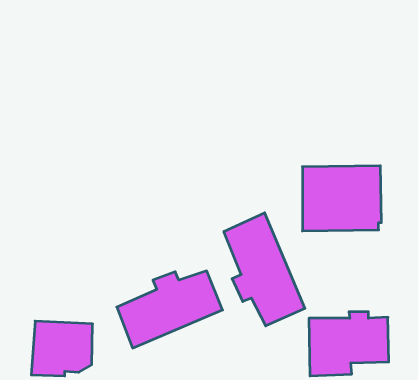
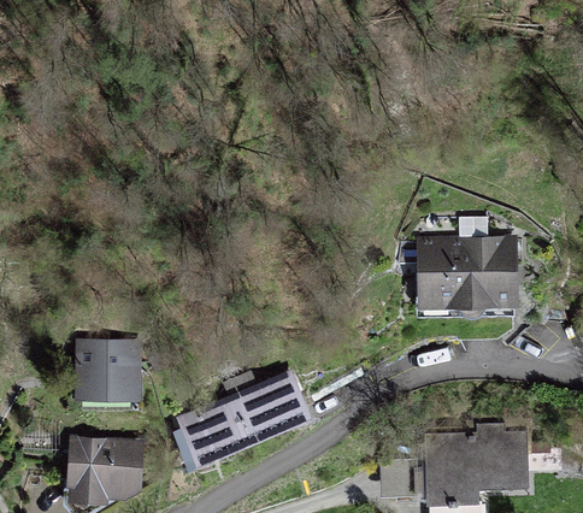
building: [224,213,305,326] -> none
building: none -> [73,337,143,403]

